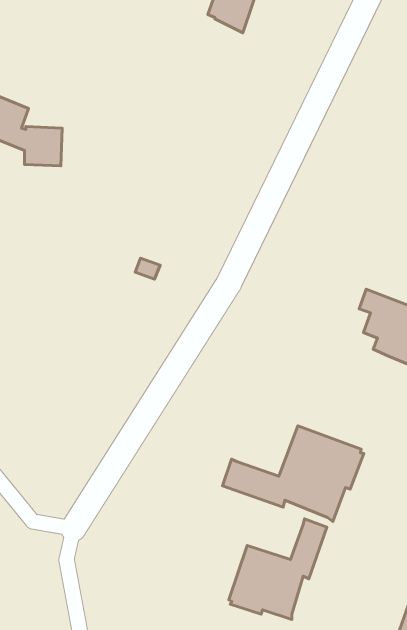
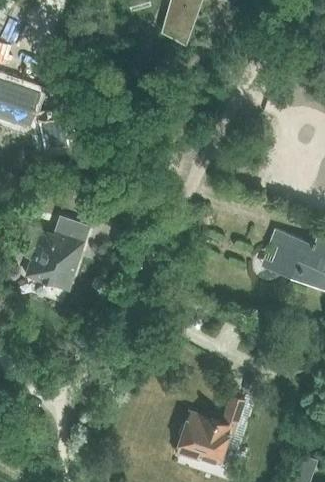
building: none -> [23,219,88,290]
building: [223,426,364,522] -> none

